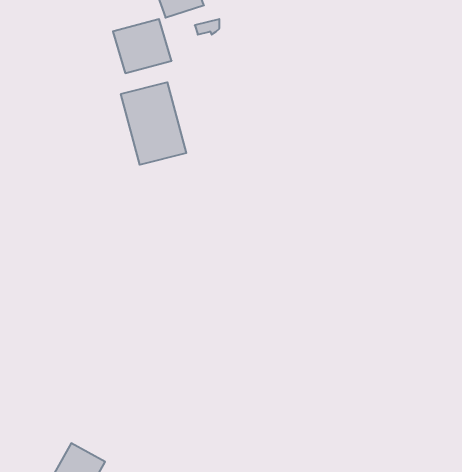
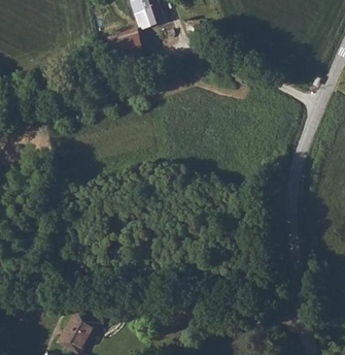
building: [121,82,186,165] -> none

